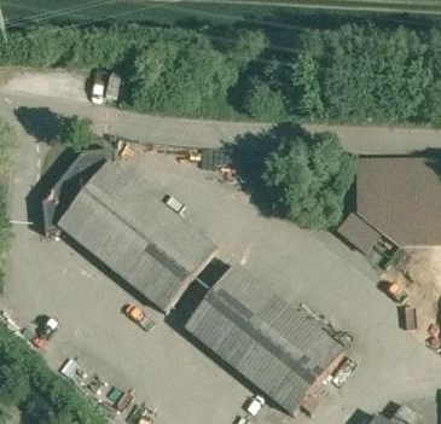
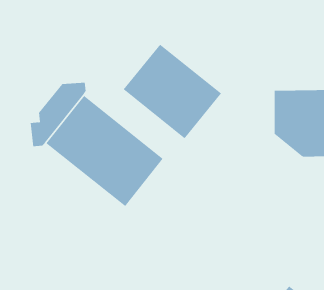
building: none -> [123,44,222,139]
building: [185,263,344,413] -> none

